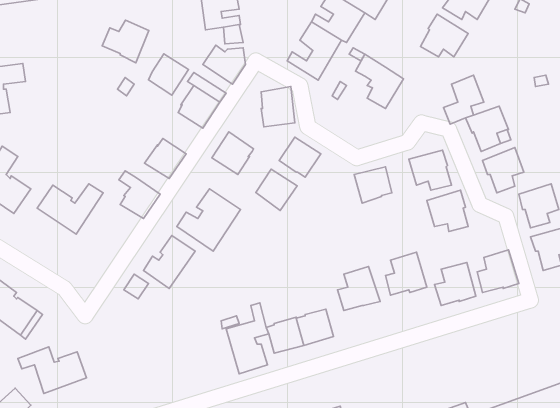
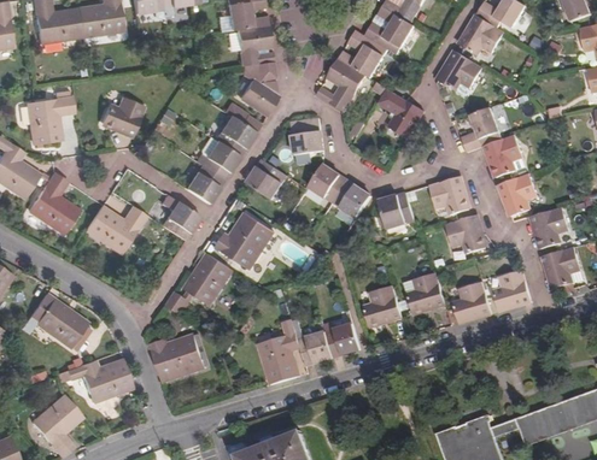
building: [102,20,149,63] -> [100,95,144,135]
building: [148,54,189,95] -> [200,141,238,179]
building: [256,169,297,211] -> [333,179,371,218]
building: none -> [147,335,203,381]

